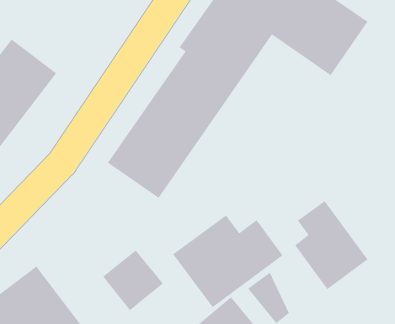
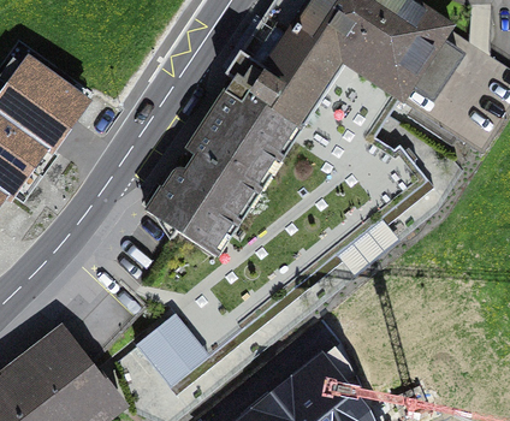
building: [294,200,369,290] -> none
building: [172,214,283,308] -> none

